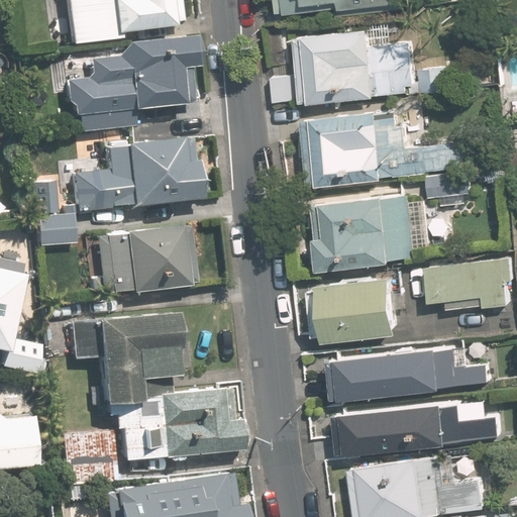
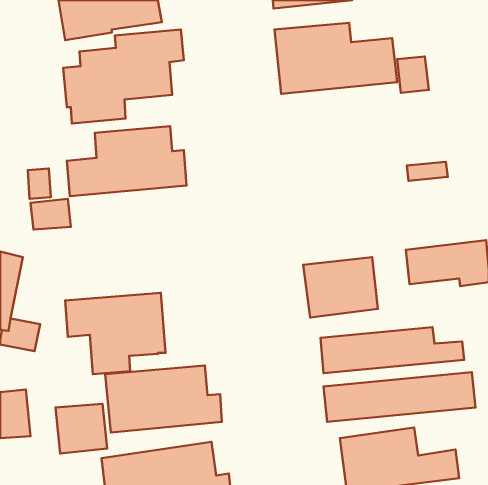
building: [316,110,470,182] -> none
building: [318,199,413,272] -> none
building: [103,228,187,294] -> none

